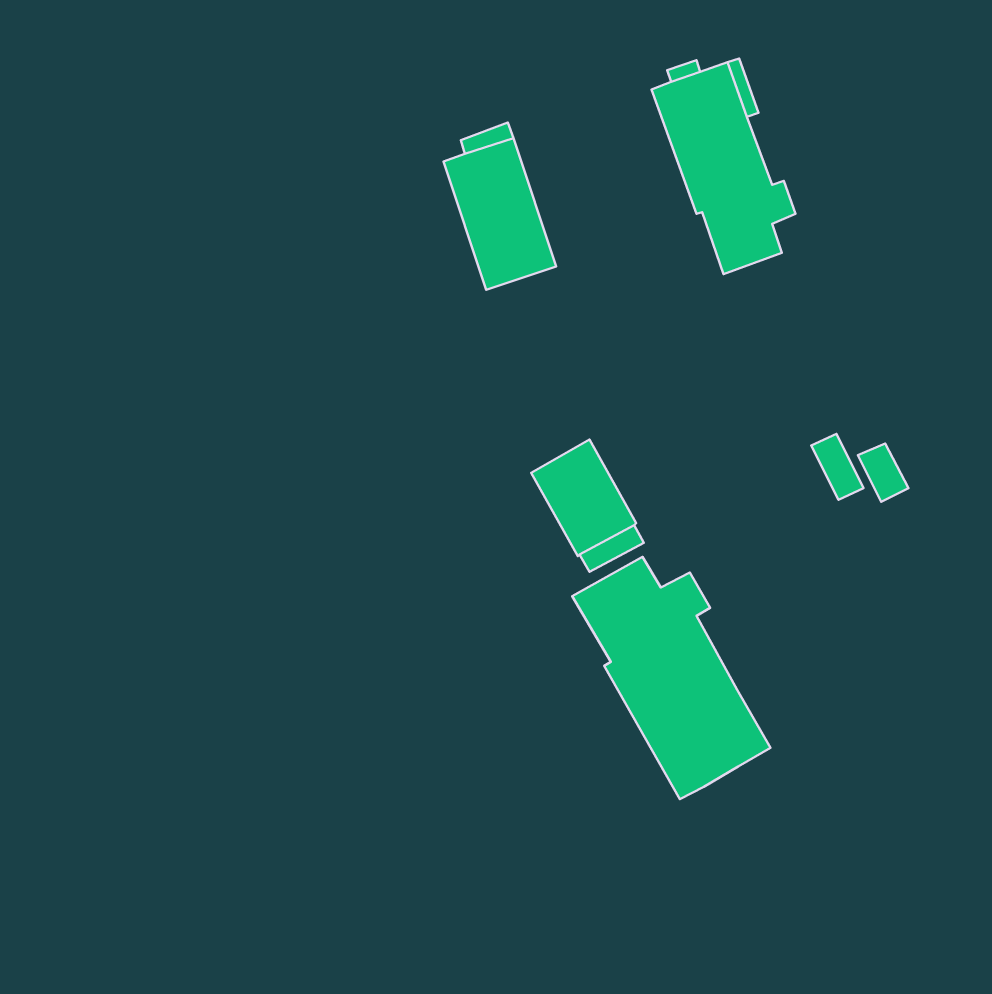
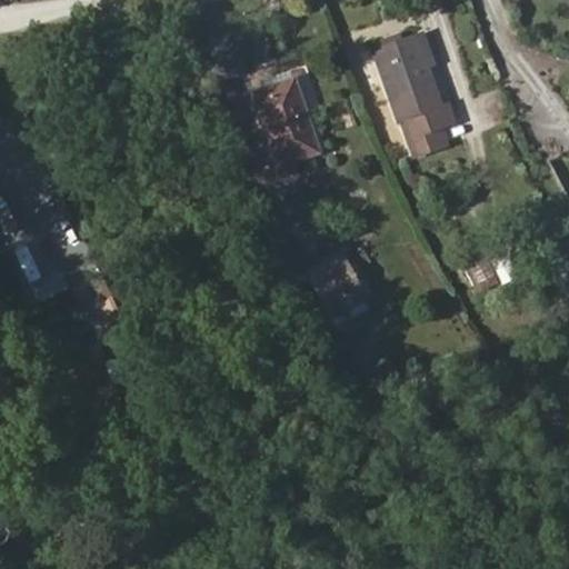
building: [572,557,771,799] -> none

